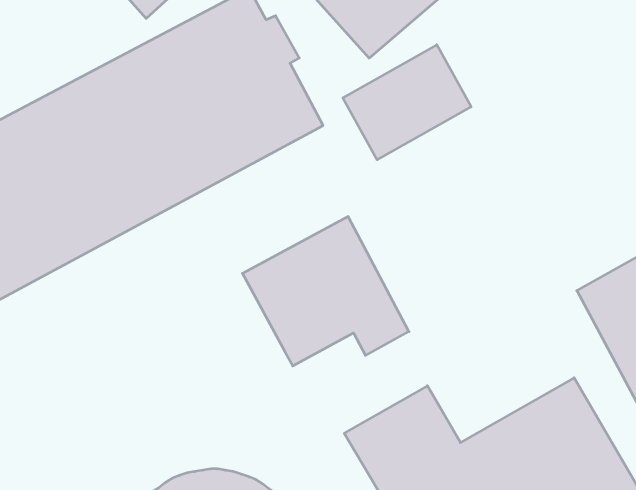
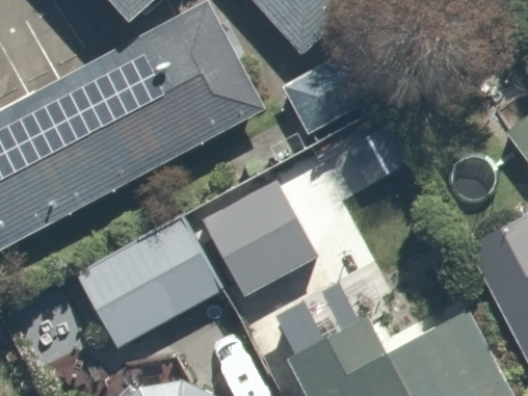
building: none -> [76,212,234,349]

